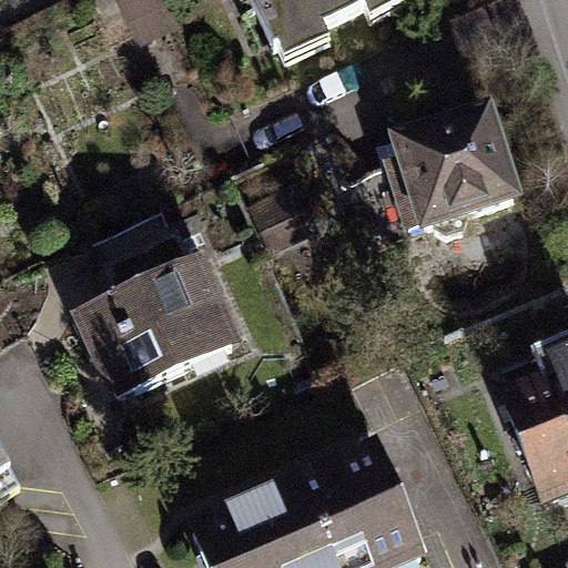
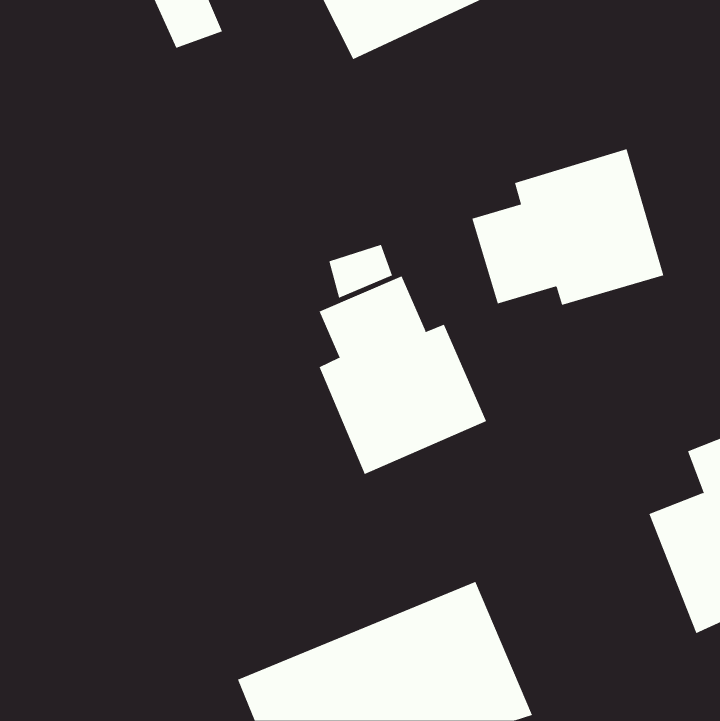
building: none -> [319,276,487,475]
building: [80,240,237,393] -> none

